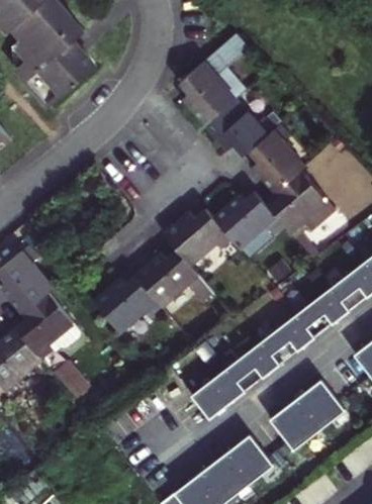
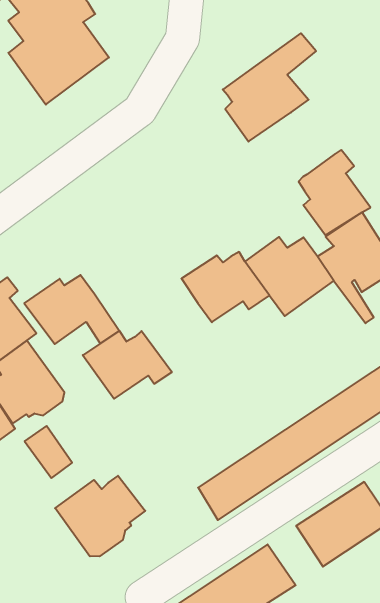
building: [209,97,277,155] -> none
building: [136,251,212,307] -> [24,275,119,344]
building: none -> [55,476,145,556]

